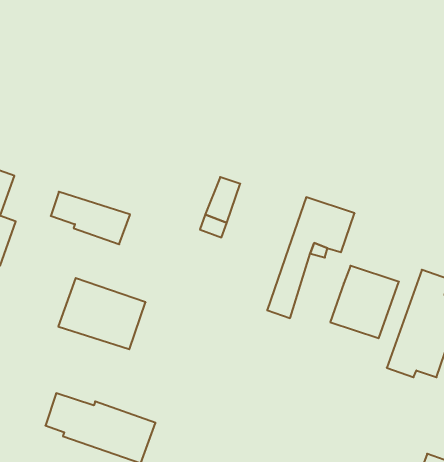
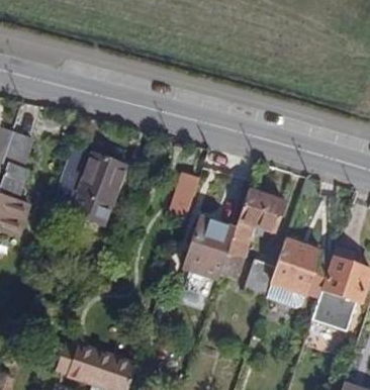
building: none -> [193,213,248,276]
building: none -> [255,246,289,289]
building: [58,278,146,349] -> [75,148,141,201]

